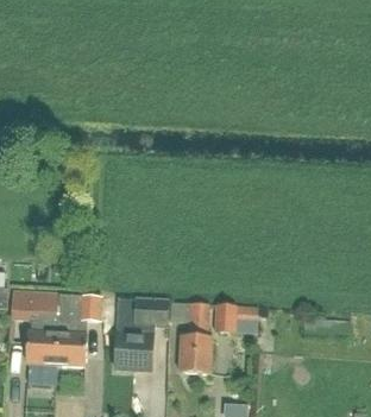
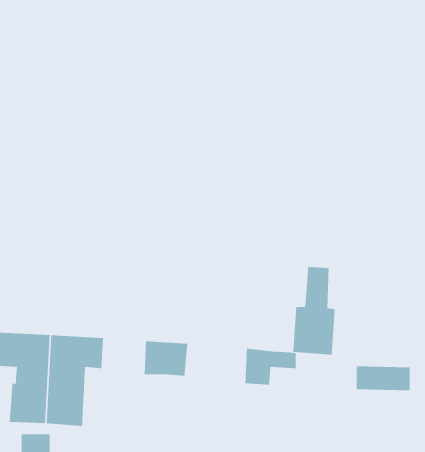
building: [177,302,212,373] -> [293,266,336,355]
building: [114,324,152,368] -> none

